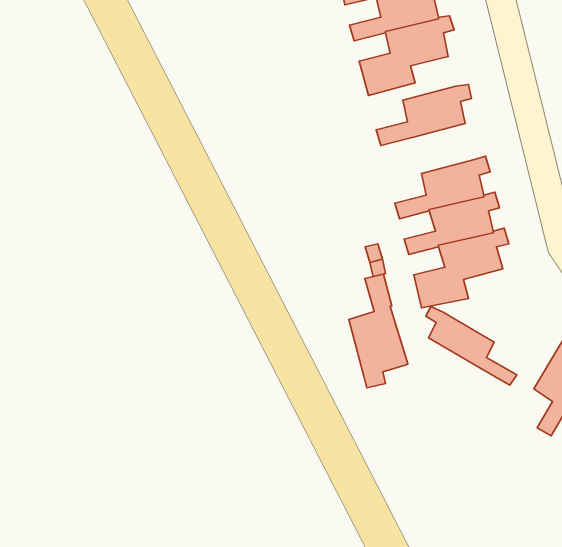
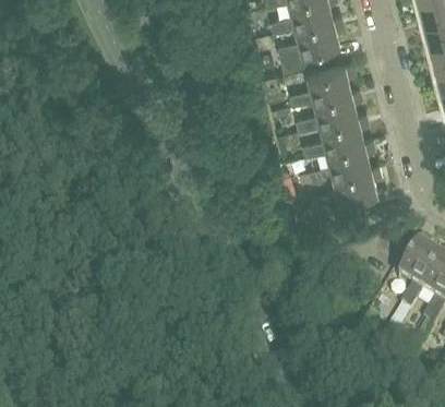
building: none -> [296,89,362,132]
building: [349,274,408,388] -> none
building: [426,306,517,385] -> none

